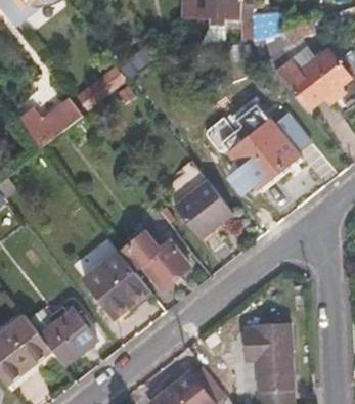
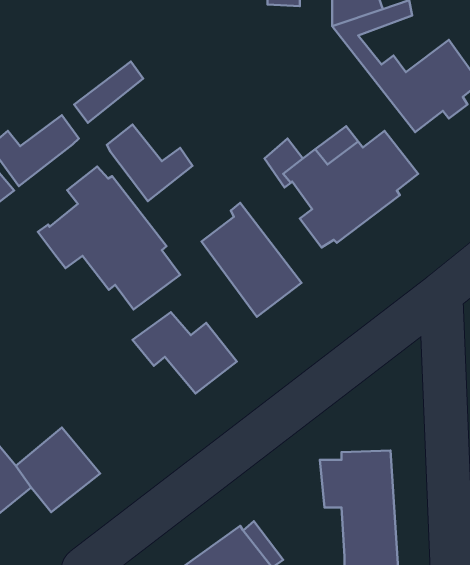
building: none -> [107,124,192,201]
building: none -> [38,166,180,309]
building: [83,251,148,316] -> none

